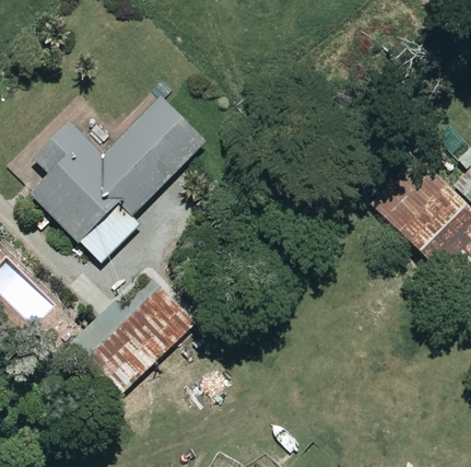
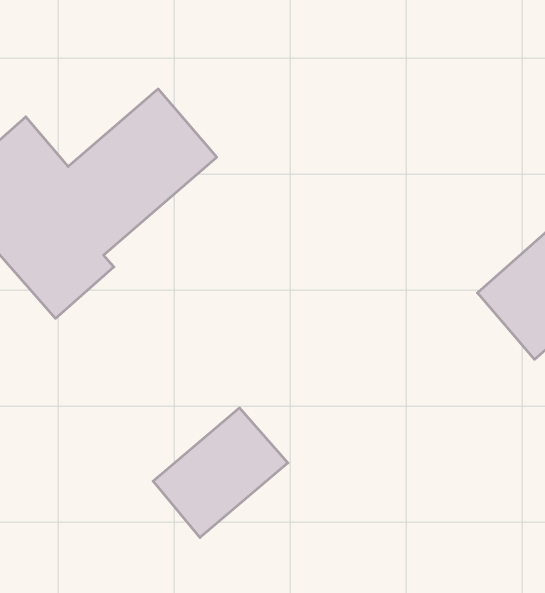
building: [102,285,195,377] -> [153,408,288,538]

